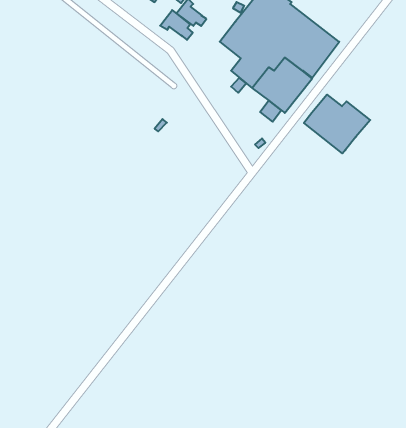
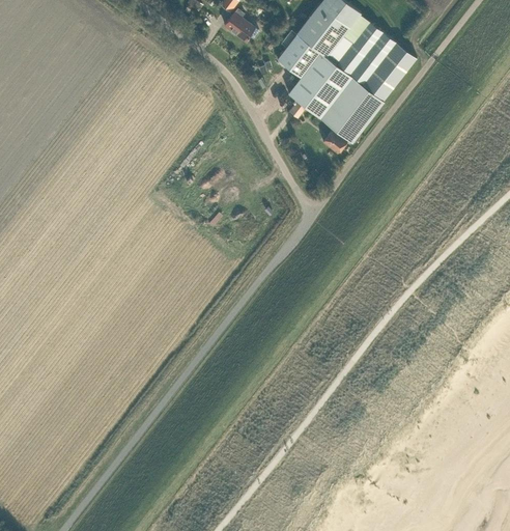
building: [160,10,193,40] -> none
building: [304,95,370,153] -> none

